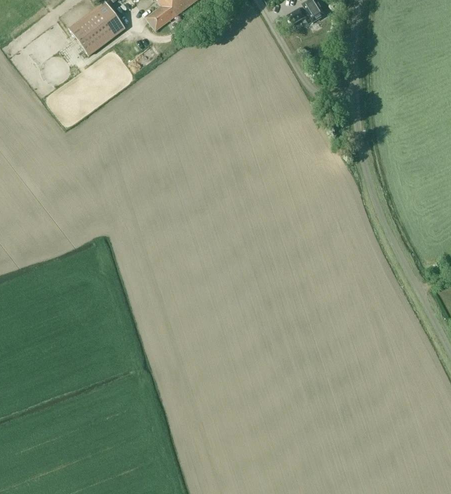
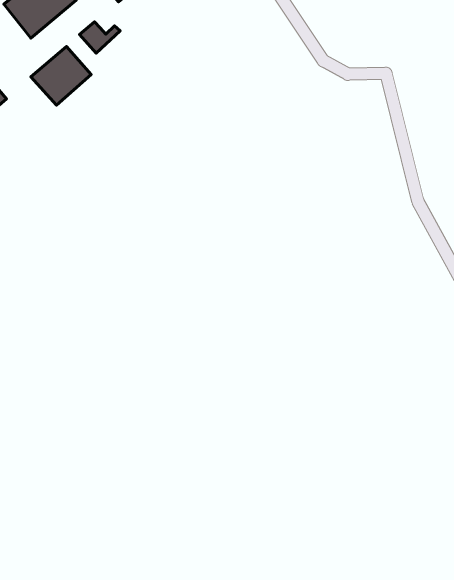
building: none -> [31,46,91,105]

